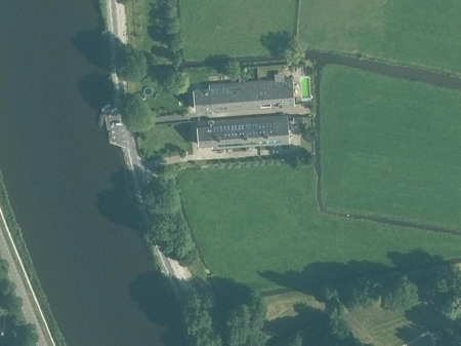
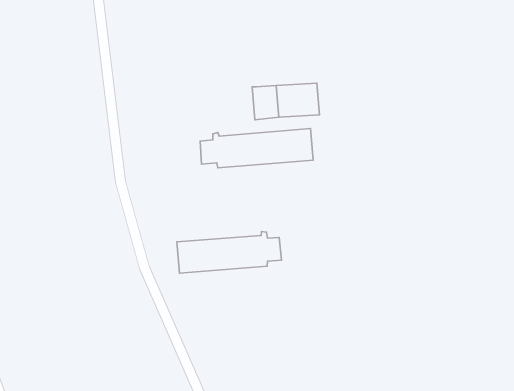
building: [193,81,241,112] -> none
building: none -> [177,232,281,273]

